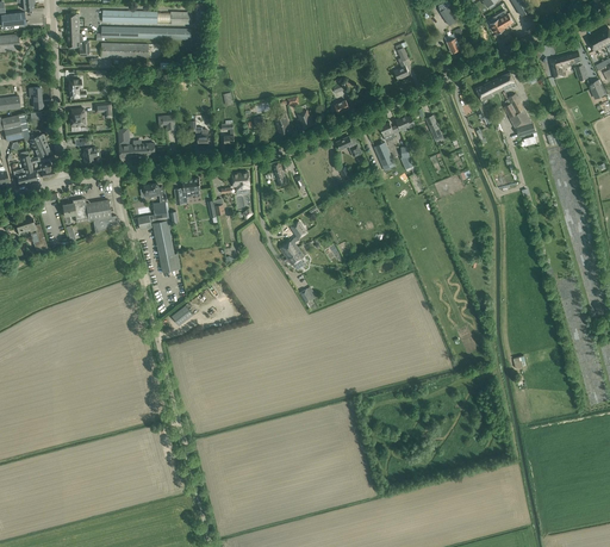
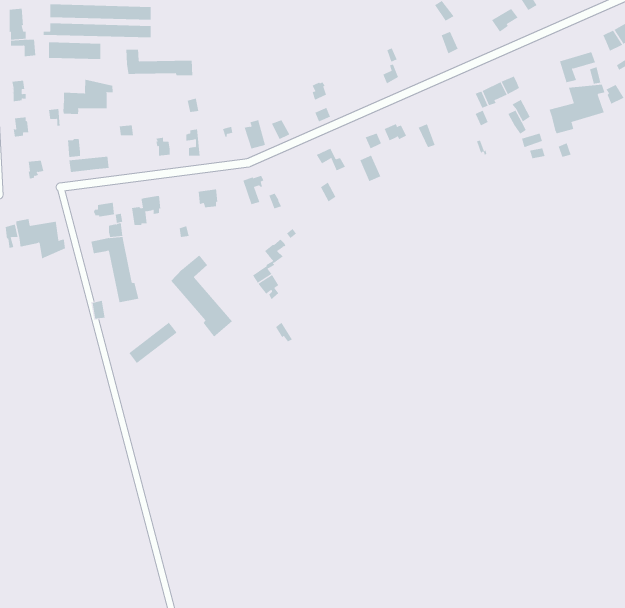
building: none -> [126,49,193,76]
building: none -> [63,79,113,115]
building: none -> [549,84,605,134]
building: none -> [170,255,233,338]

